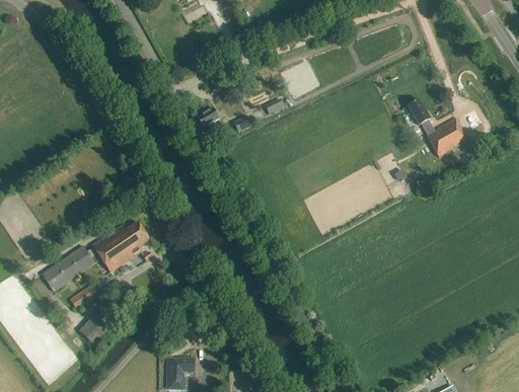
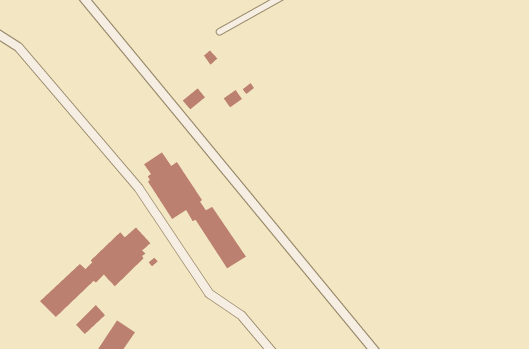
building: [407,98,468,156] -> none
building: none -> [143,151,247,269]

